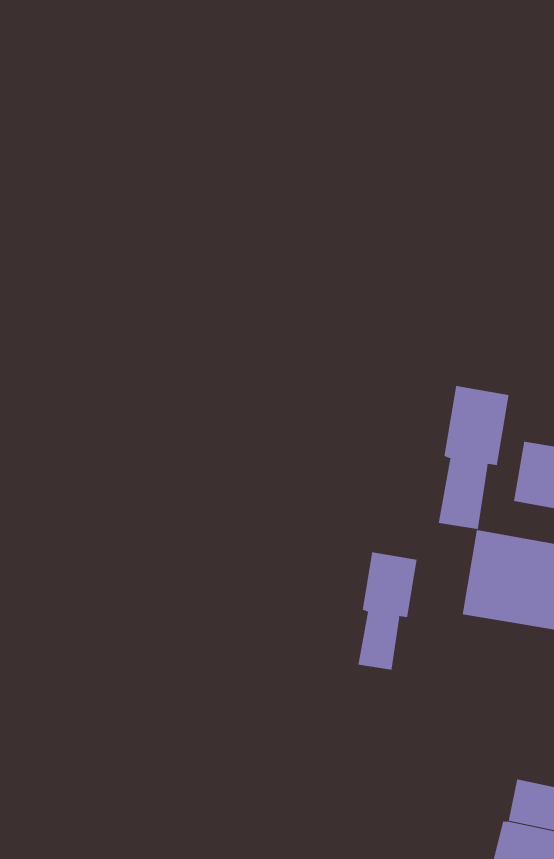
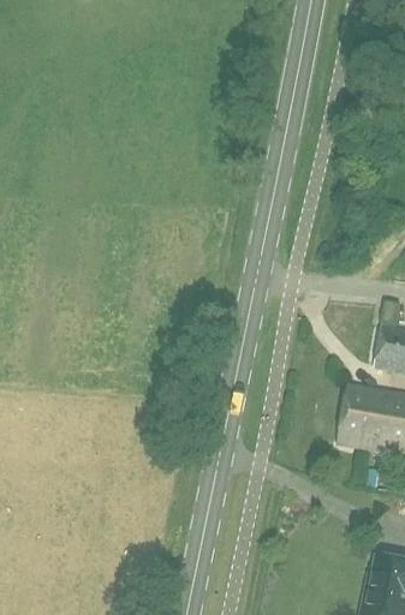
building: [438,385,509,530] -> none
building: [358,551,417,671] -> none

